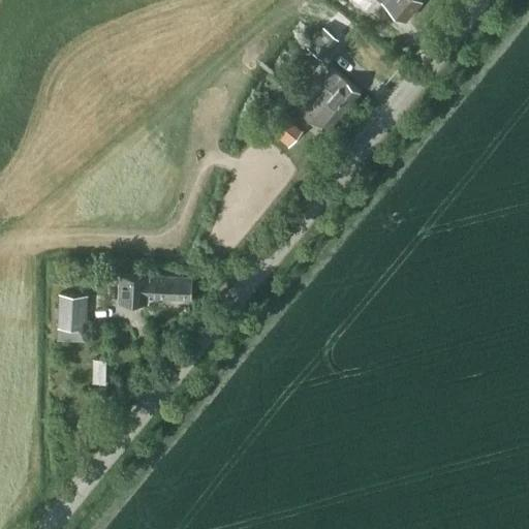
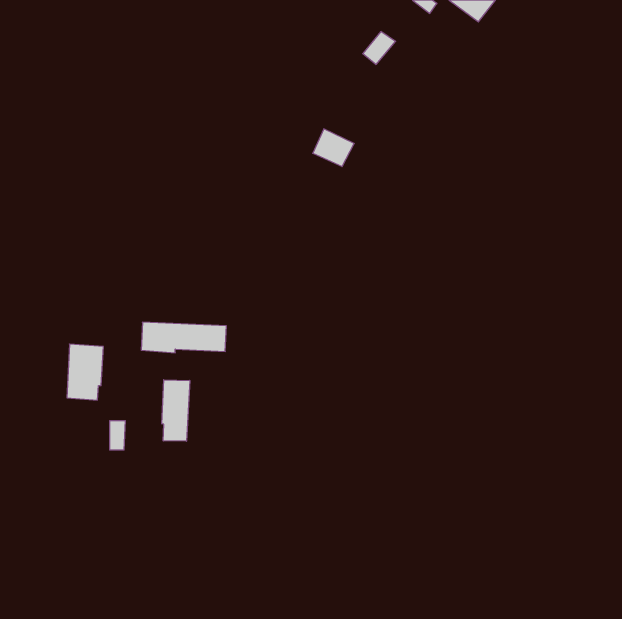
building: [305,69,361,135] -> none
building: none -> [162,380,190,441]

